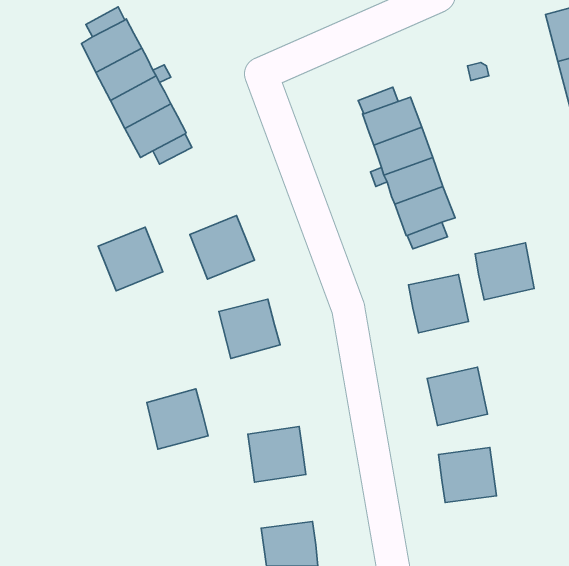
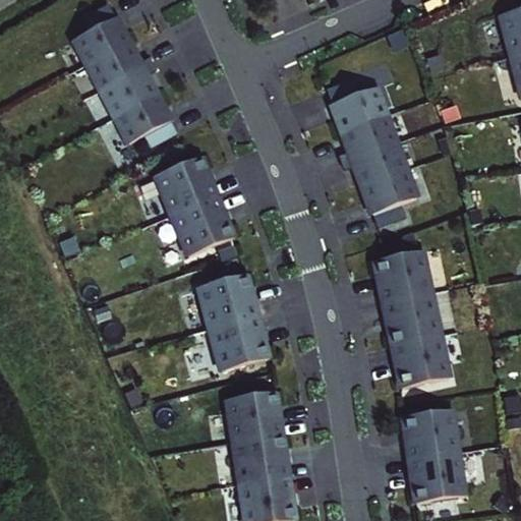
building: [98,227,163,291] -> [158,156,217,214]
building: [475,243,534,300] -> [383,293,437,345]
building: [147,389,208,449] -> [212,314,268,369]
building: none -> [233,432,286,481]
building: none -> [407,452,460,502]

